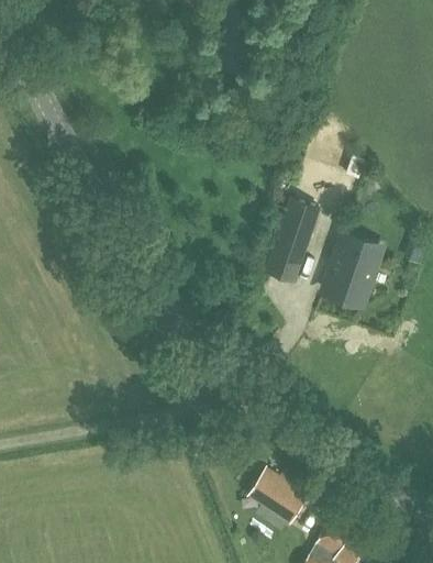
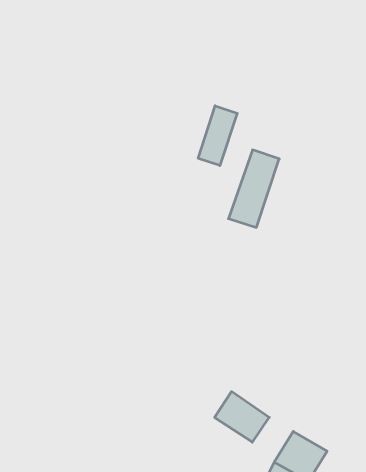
building: none -> [198,106,237,166]
building: [324,238,380,307] -> none

